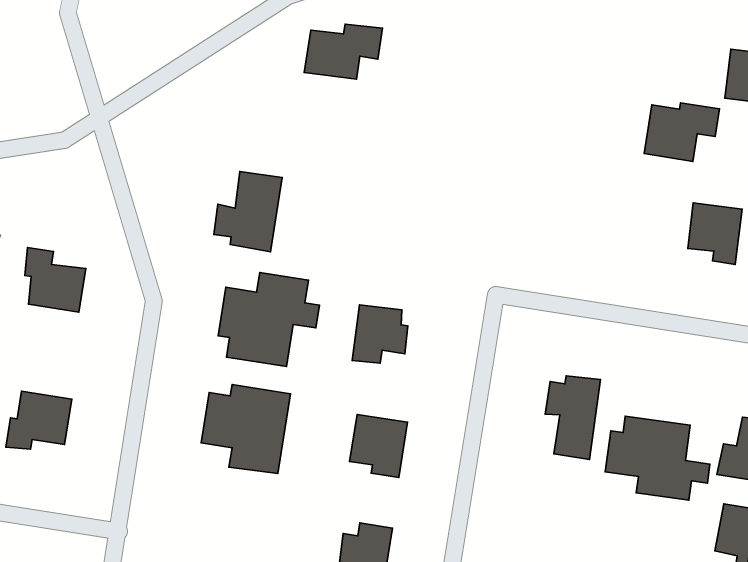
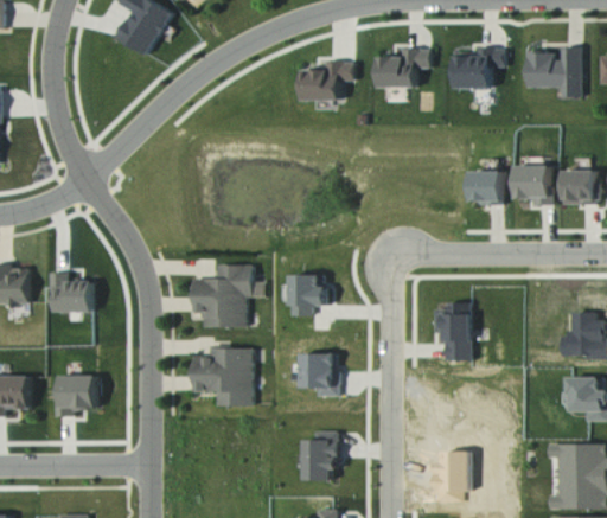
building: none -> [375,49,427,88]
building: [304,24,383,79] -> [299,60,350,101]
building: [644,103,719,161] -> [453,47,501,88]
building: [214,172,282,252] -> none
building: none -> [472,172,505,203]
building: [605,416,710,500] -> none

